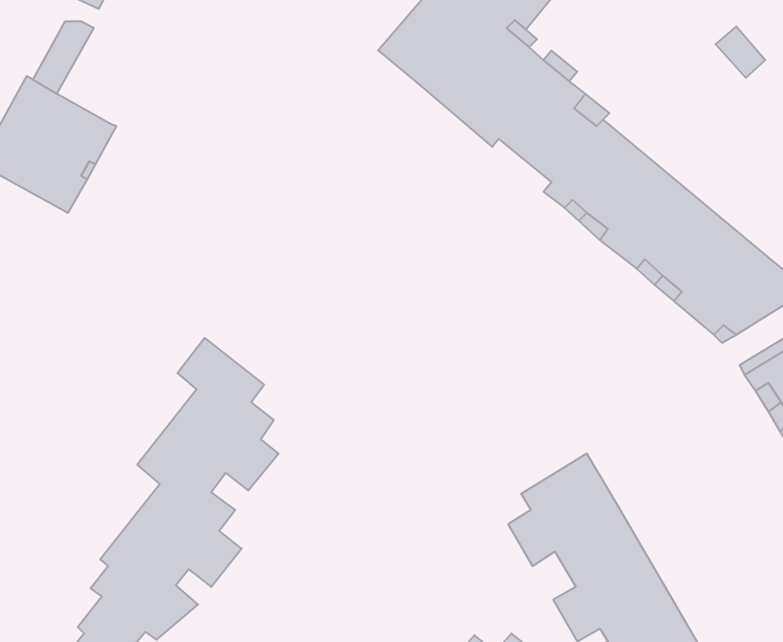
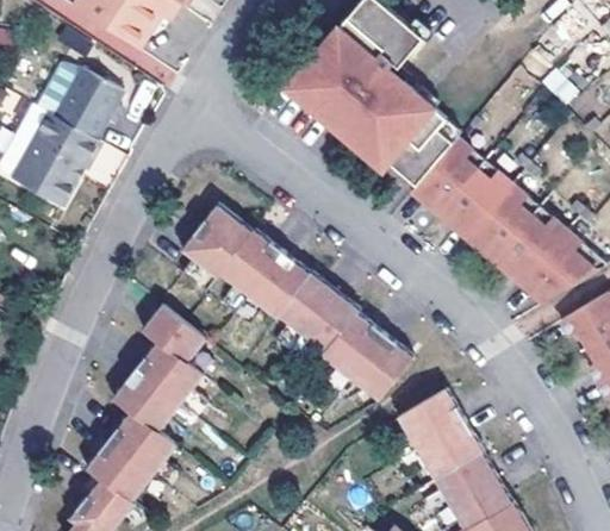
building: none -> [52,70,120,142]
building: none -> [181,200,413,402]

